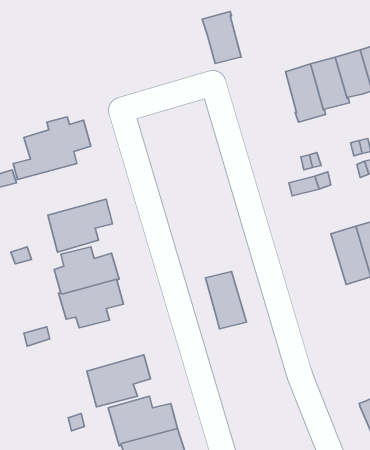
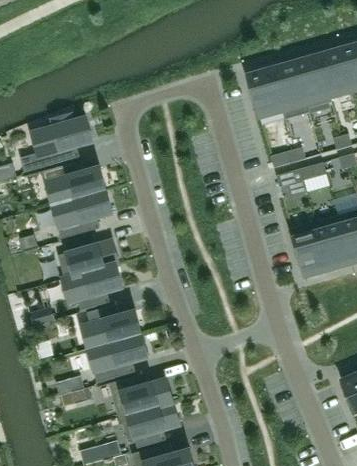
building: [202,12,241,64] -> [247,68,283,116]
building: none -> [43,161,107,205]
building: [205,271,246,329] -> [291,222,329,275]
building: none -> [82,304,142,349]

